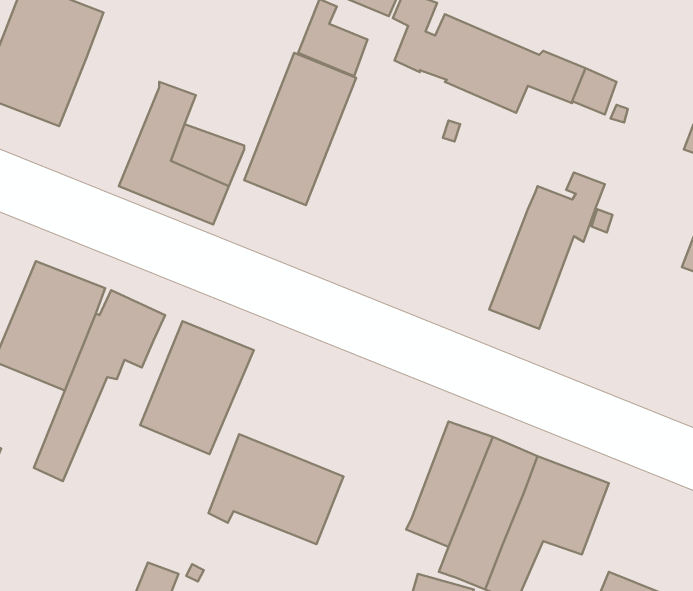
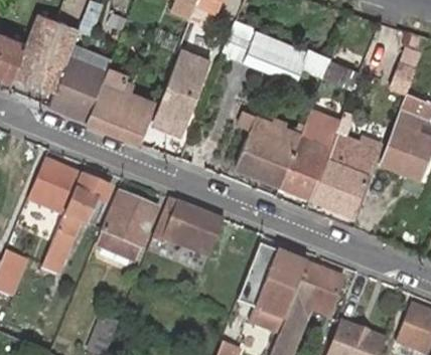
building: none -> [50,55,109,122]
building: none -> [236,112,305,186]
building: none -> [314,138,383,214]
building: [208,434,343,544] -> [154,197,225,254]

